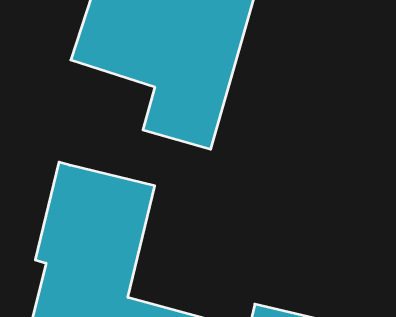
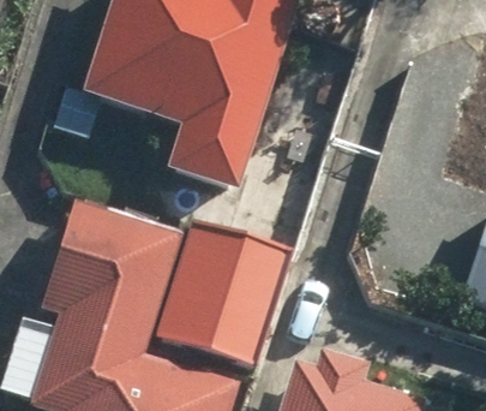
building: none -> [160,230,289,369]

